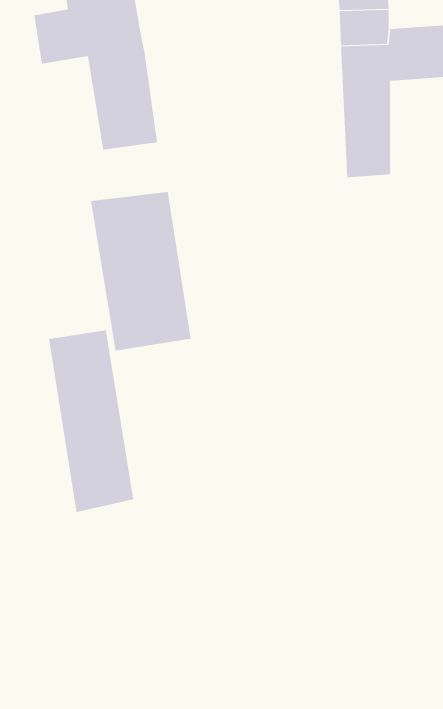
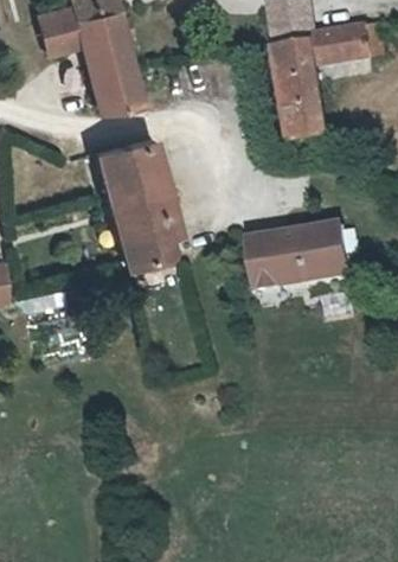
building: none -> [242,235,332,296]
building: [49,329,134,513] -> none

